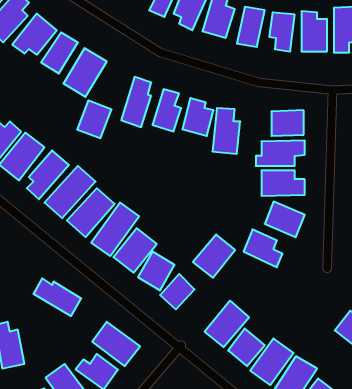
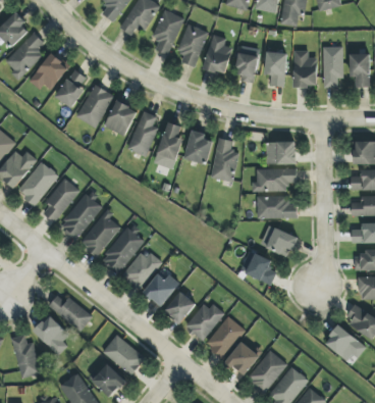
building: [77,100,112,138] -> [105,101,137,136]
building: [193,234,235,278] -> [184,301,223,341]
building: none -> [34,315,68,356]

